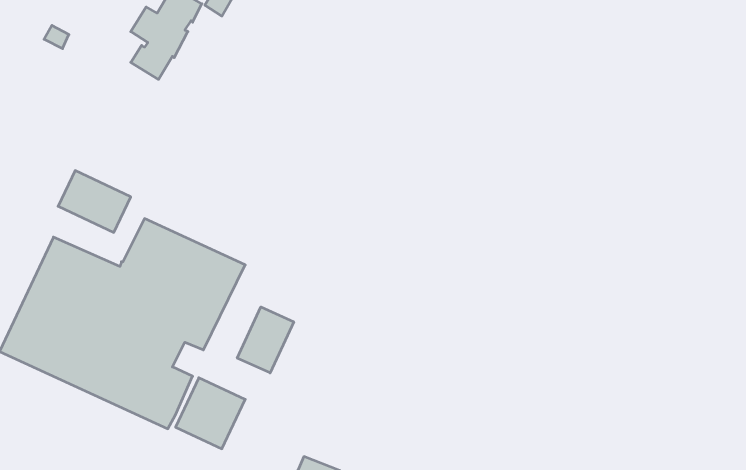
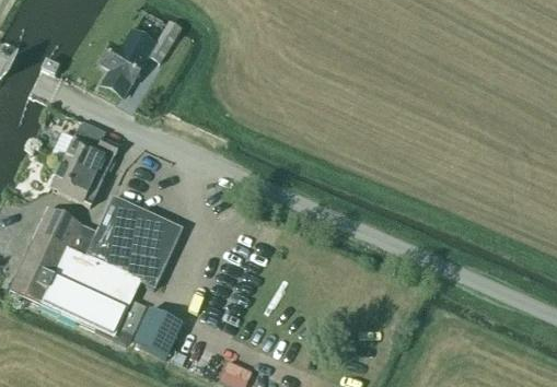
building: none -> [62,120,119,179]
building: [237,307,294,373] -> none

